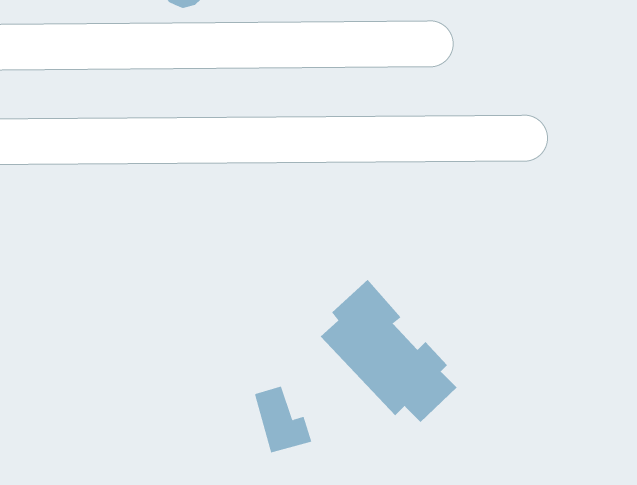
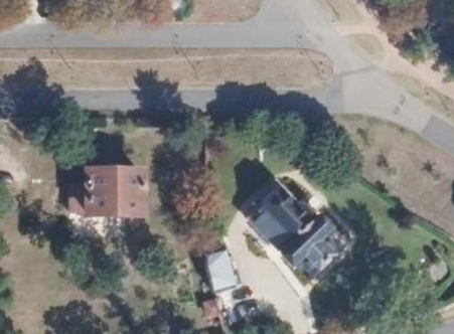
building: none -> [69,171,146,215]

